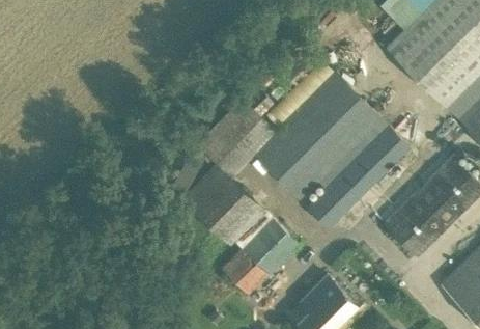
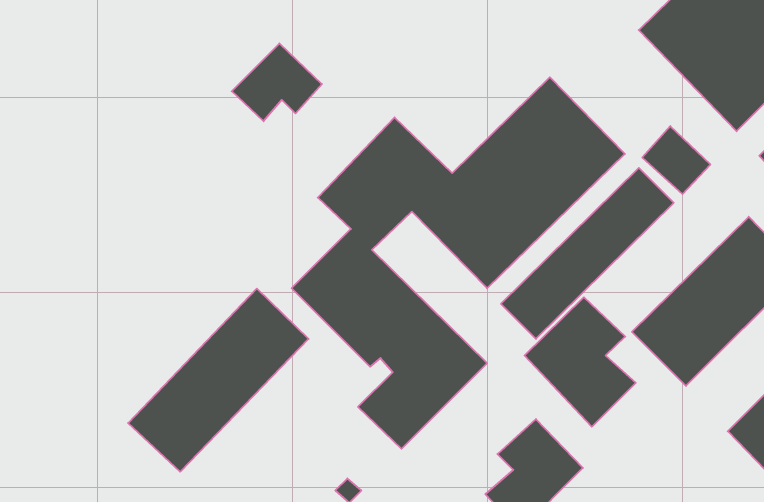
building: none -> [232,43,322,121]
building: none -> [128,289,309,472]
building: none -> [525,297,636,427]

